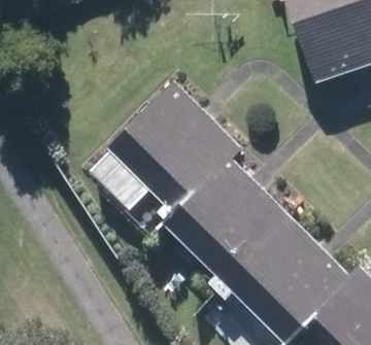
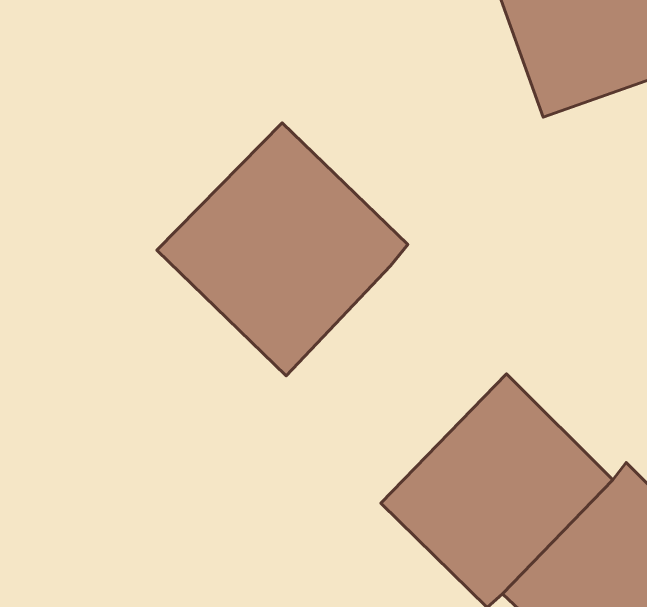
building: [163,159,292,285] -> none

